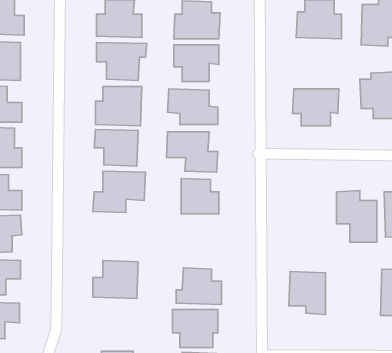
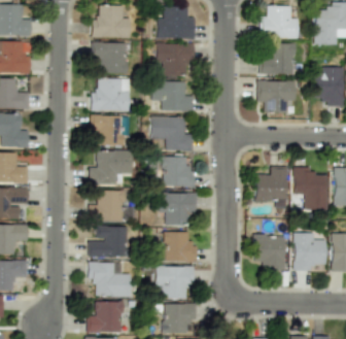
building: none -> [261,43,295,75]
building: none -> [255,166,287,208]
building: none -> [89,191,125,222]
building: none -> [159,194,197,225]
building: none -> [293,233,325,271]
building: none -> [88,263,130,297]

